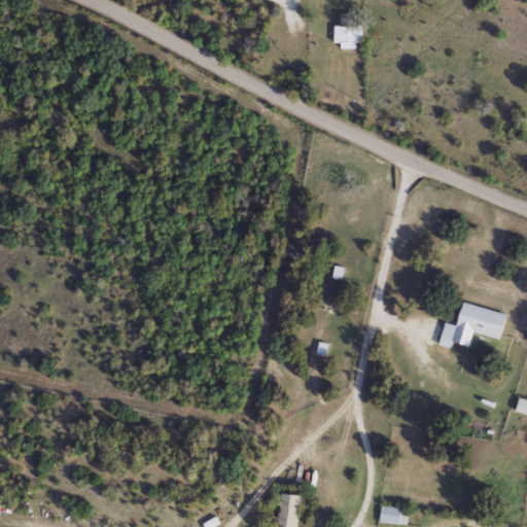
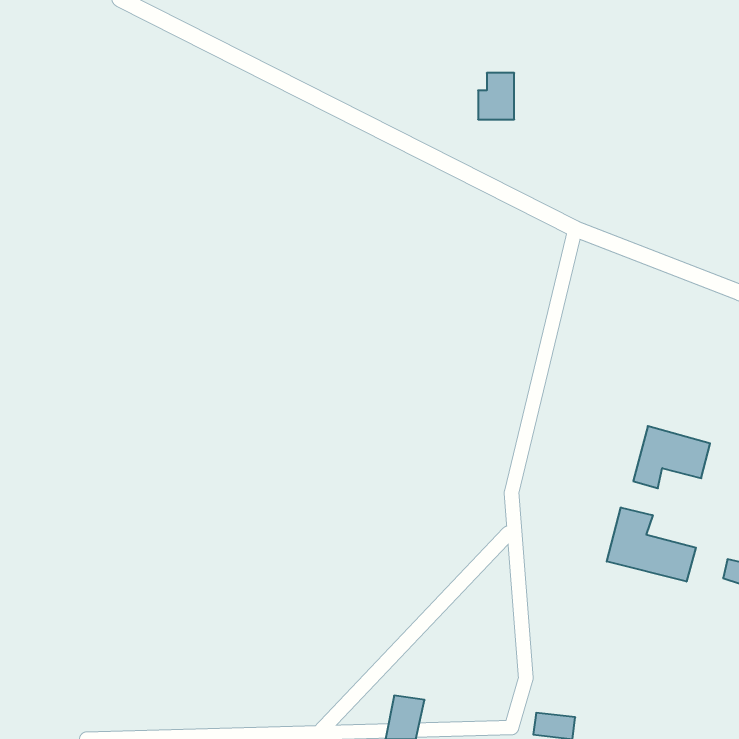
building: [333,12,359,45] -> [478,73,514,119]
building: none -> [607,507,696,582]

